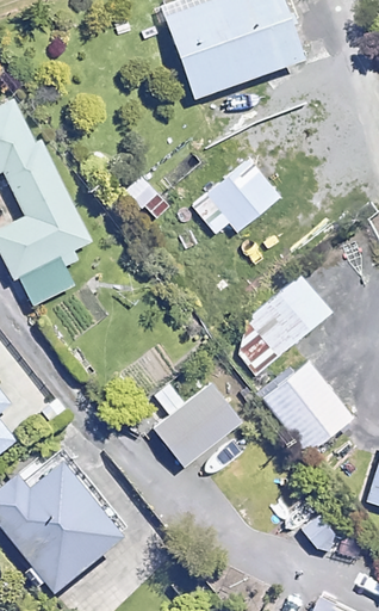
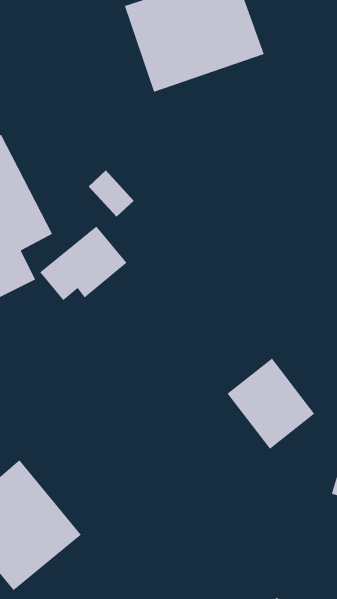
building: [192,159,280,234] -> [39,226,128,301]
building: [224,274,330,378] -> none
building: [154,383,241,467] -> none

